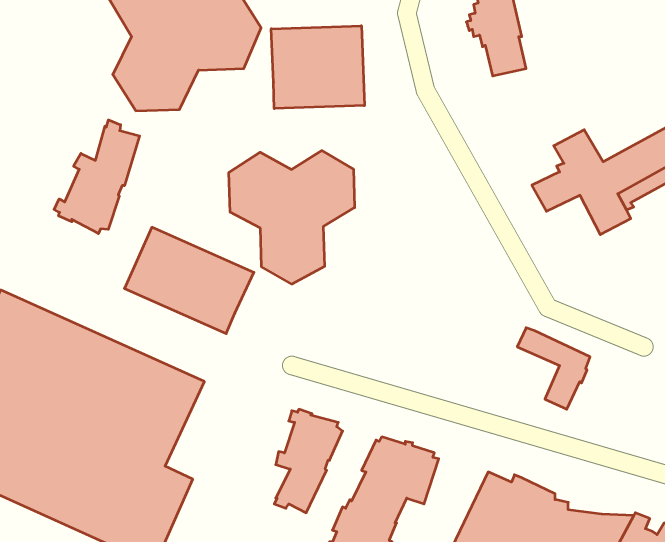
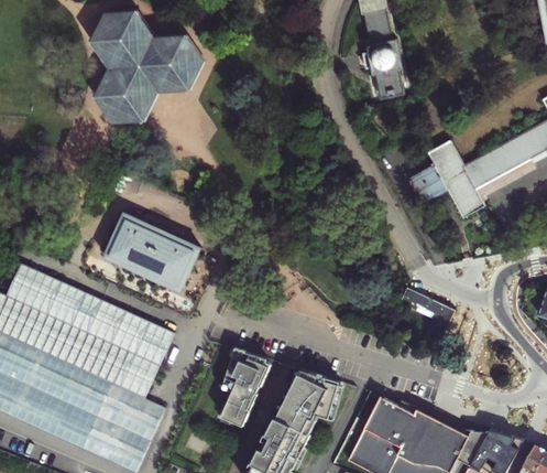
building: [271,26,364,109] -> none
building: [54,120,140,234] -> none
building: [229,151,355,284] -> none

